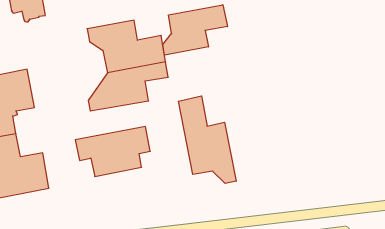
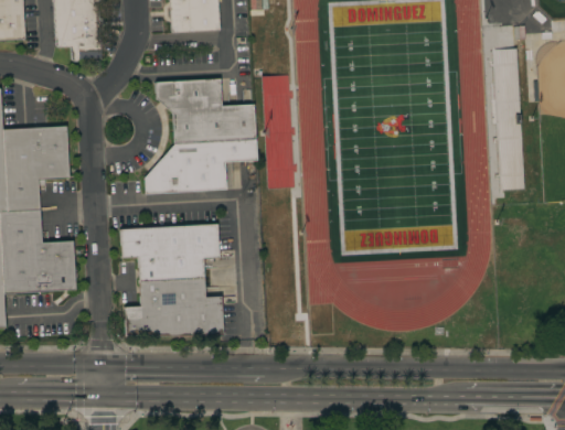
building: [163,5,227,55] -> none
building: [178,96,236,183] -> none
building: none -> [124,277,223,335]

